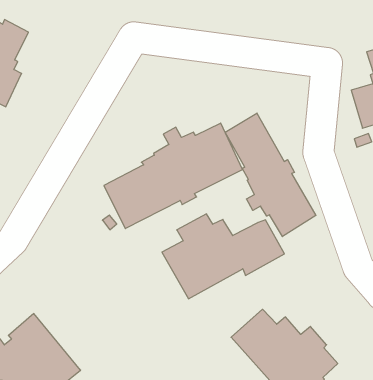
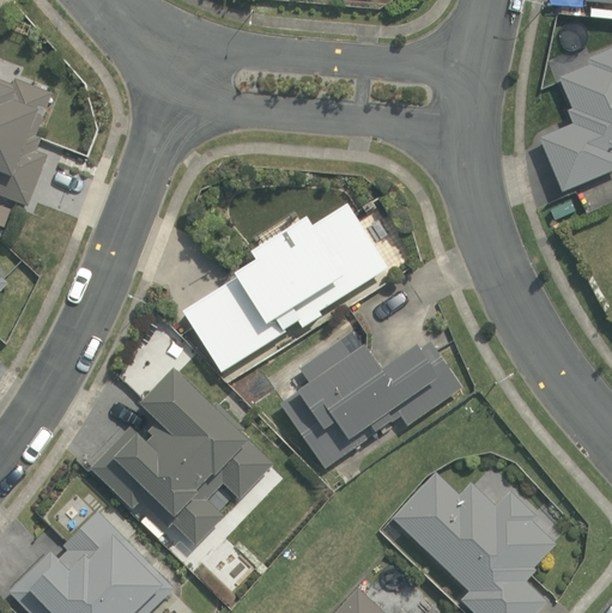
building: [225,113,316,237] -> none
building: none -> [90,366,271,545]

